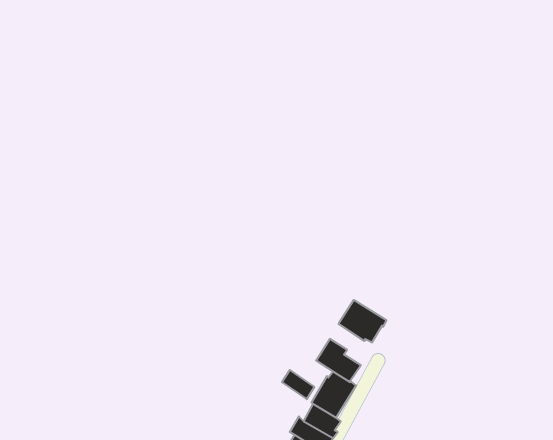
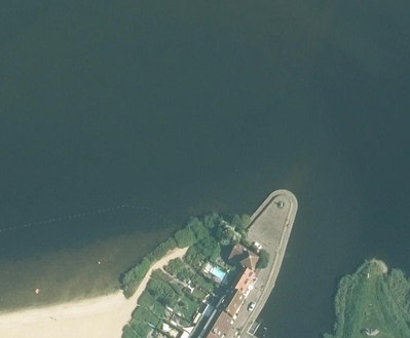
building: [339,300,386,343] -> none

